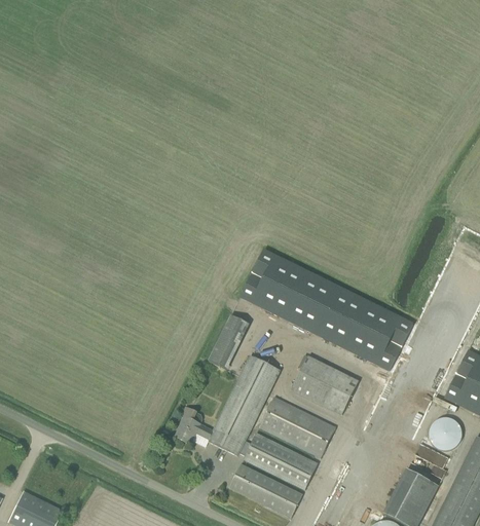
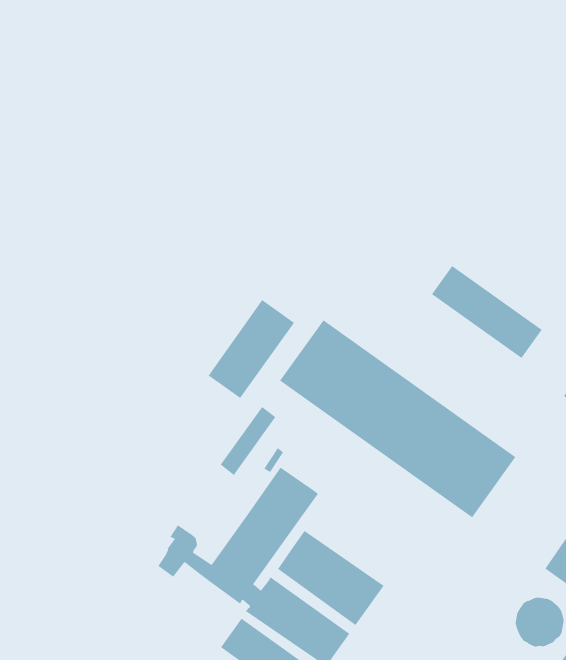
building: none -> [431,265,542,359]
building: none -> [208,299,295,399]
building: [292,354,360,414] -> none

